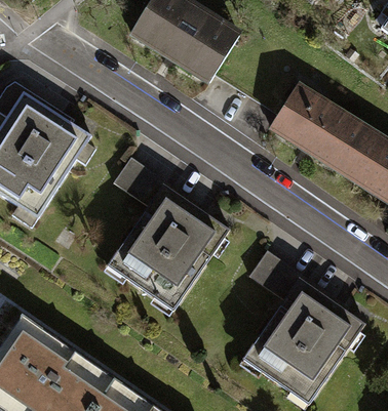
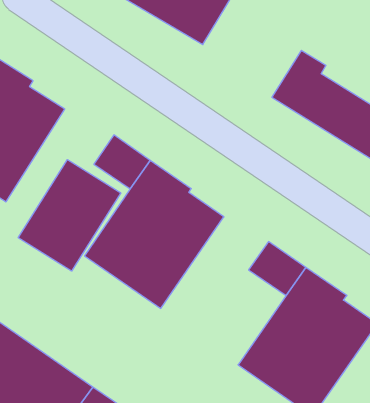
building: none -> [18,160,121,271]

